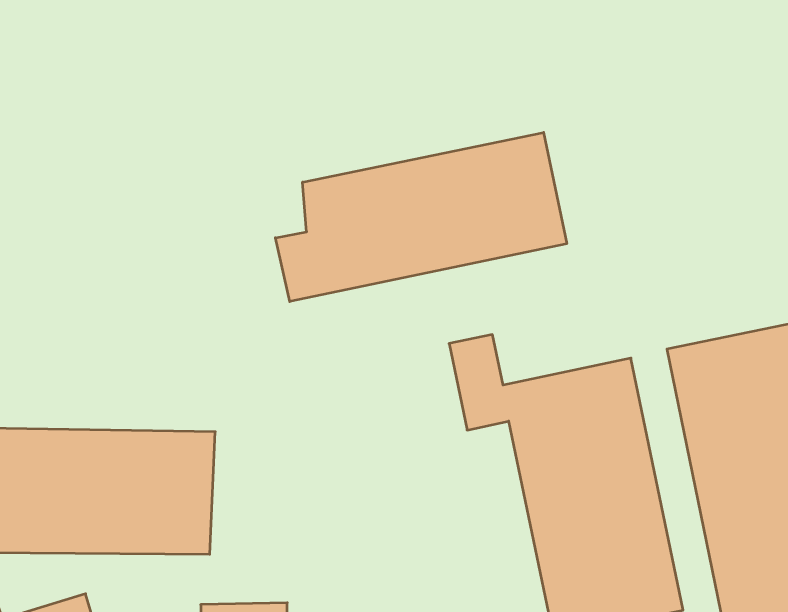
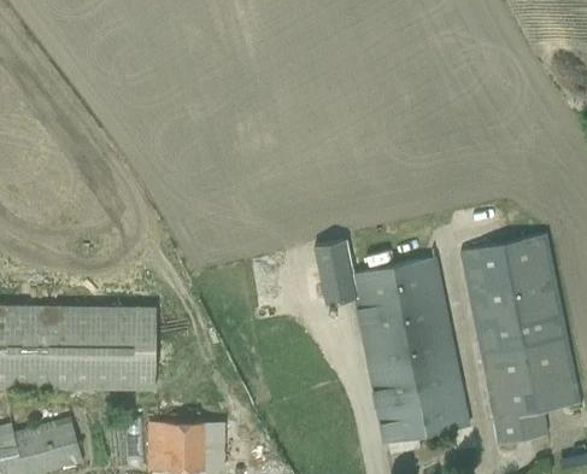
building: [275,132,567,302] -> none

